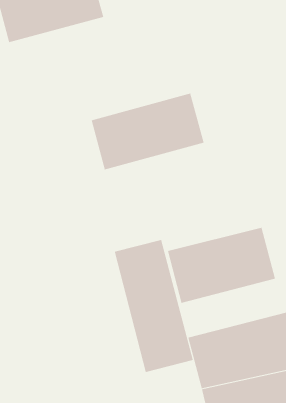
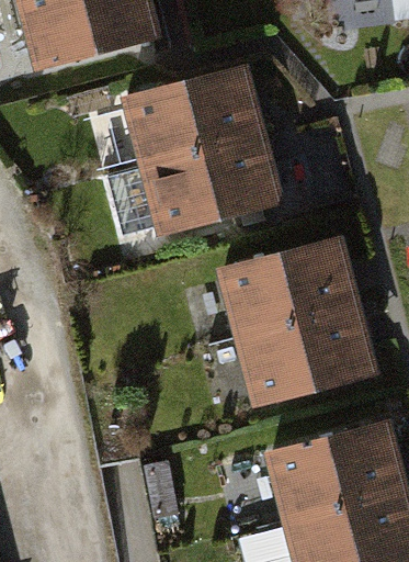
building: none -> [116,63,266,172]
building: none -> [217,237,359,341]
building: [114,239,193,373] -> none

